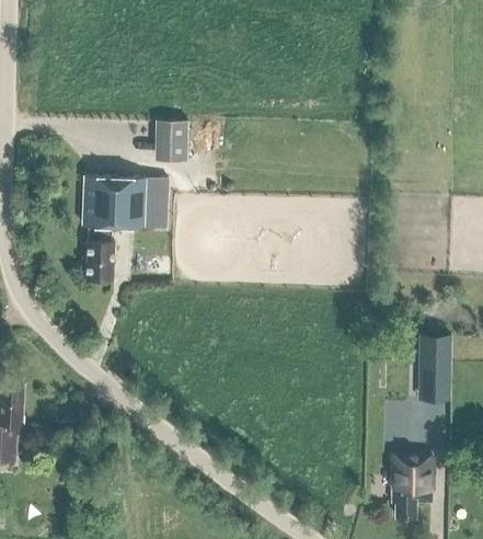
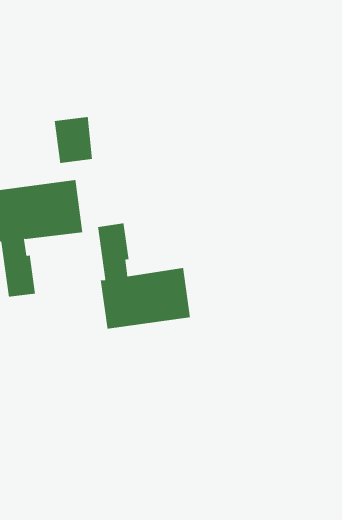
building: none -> [98,222,190,330]

